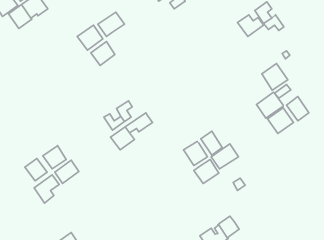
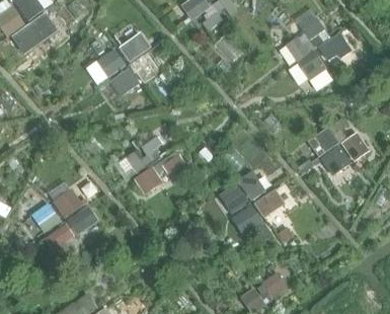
building: [262,64,288,90] -> [296,49,326,80]

